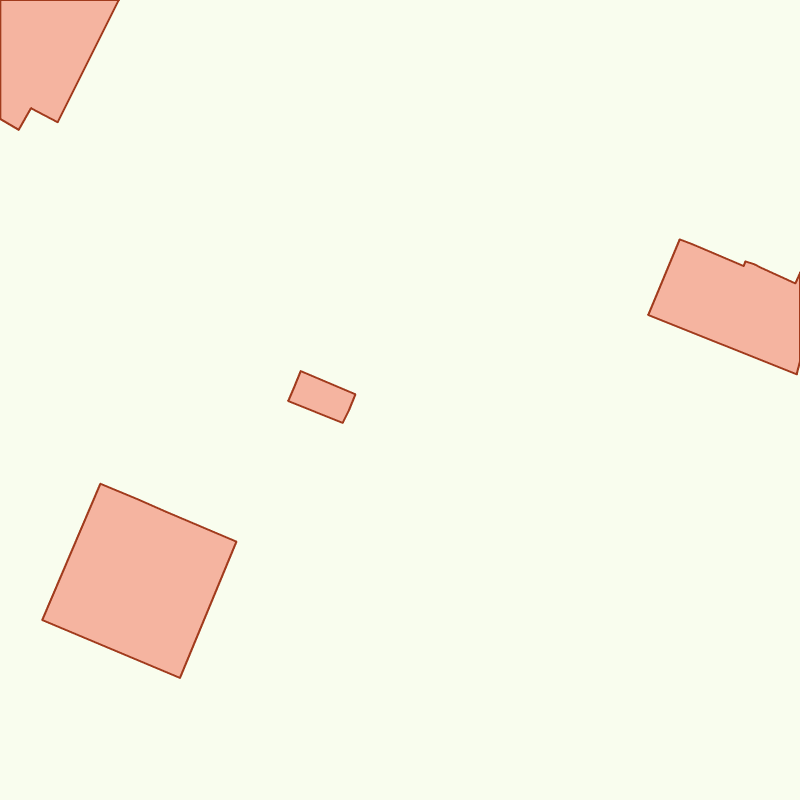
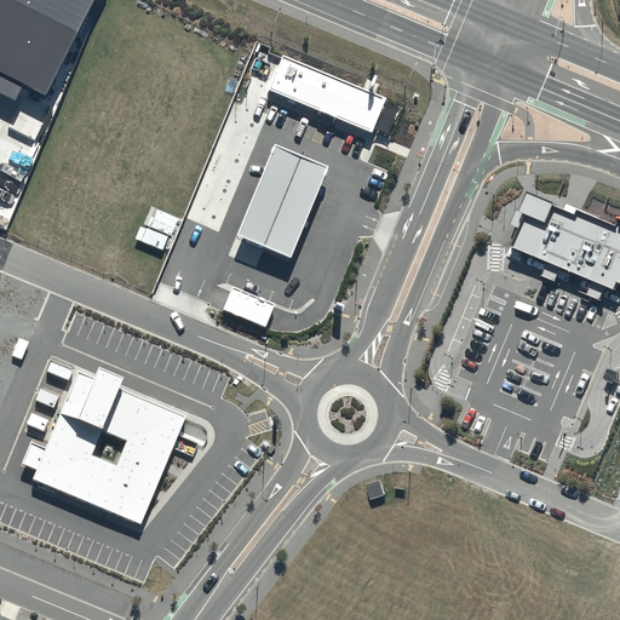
building: none -> [270,58,386,132]
building: none -> [236,145,328,259]

